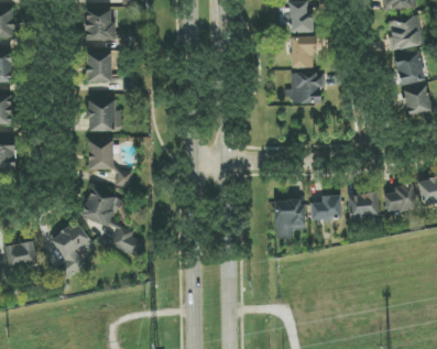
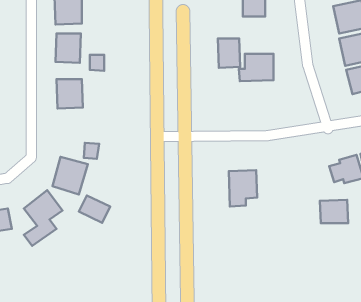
building: [291,36,315,68] -> [218,38,240,68]
building: [88,139,113,170] -> none
building: [347,193,378,218] -> [320,200,348,223]
building: [309,195,341,220] -> none

